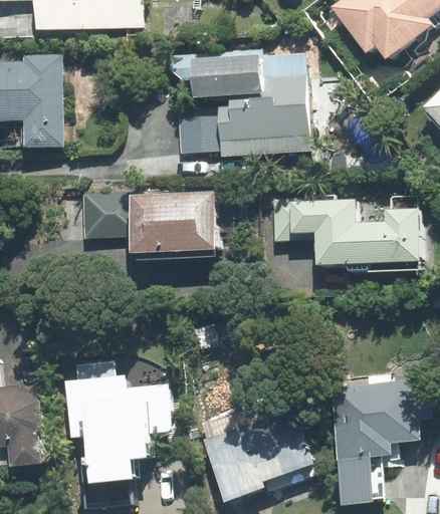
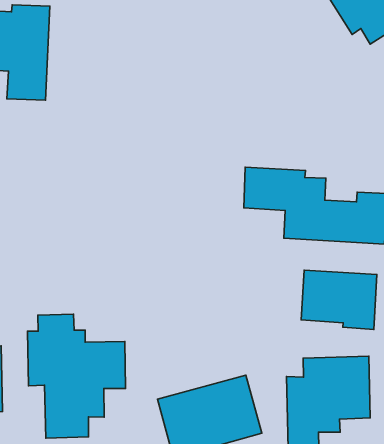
building: [167,48,309,156] -> none
building: [81,190,219,257] -> none
building: none -> [301,270,377,329]

